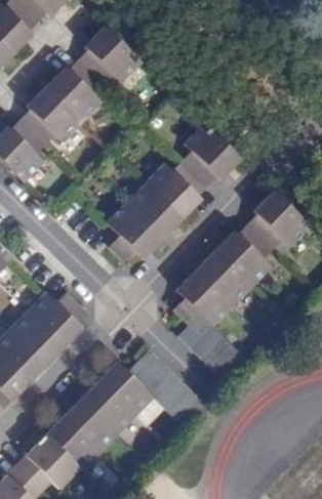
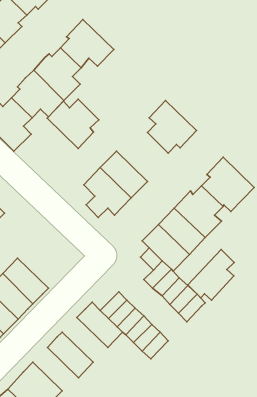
building: [146,160,207,218] -> [47,99,99,148]
building: [28,292,89,345] -> none
building: none -> [188,250,234,300]
building: [81,380,135,433] -> none
building: [46,416,100,469] -> none

